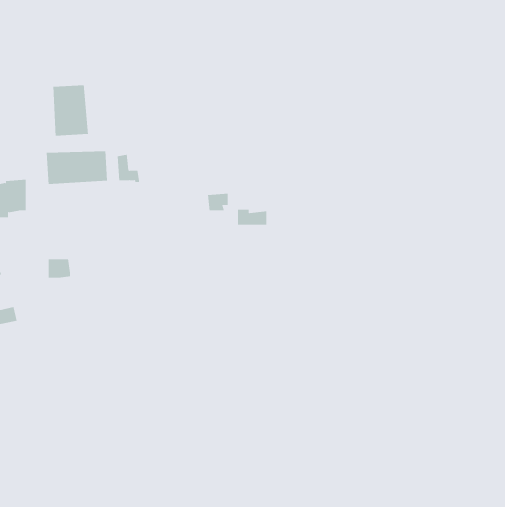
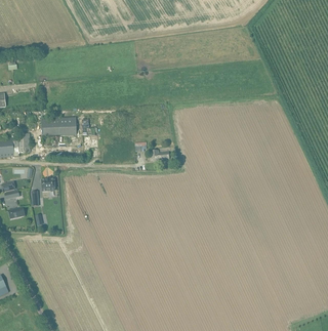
building: [53,85,89,136] -> none

